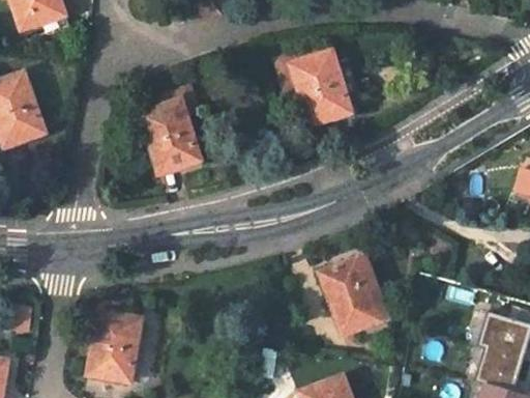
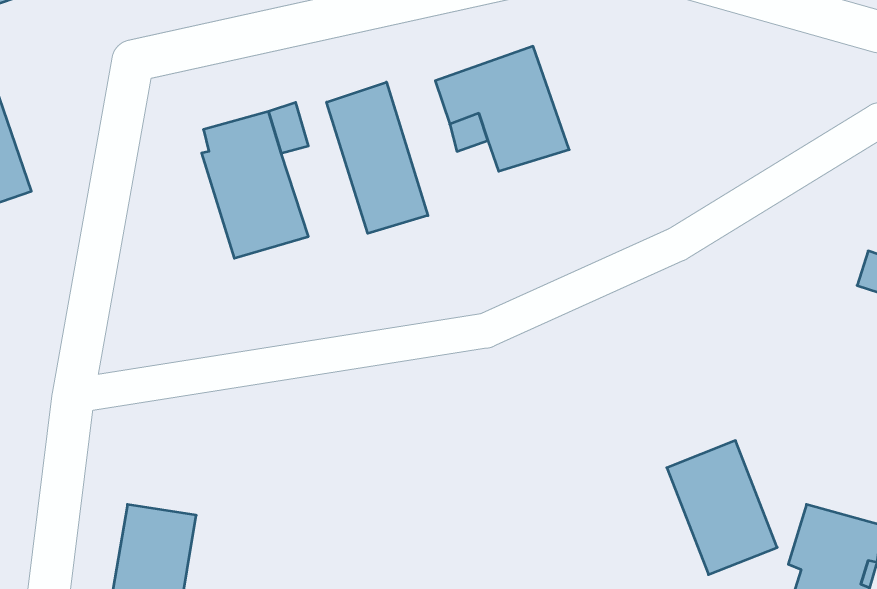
building: none -> [327,82,428,233]
building: [320,257,383,334] -> [667,441,777,575]

